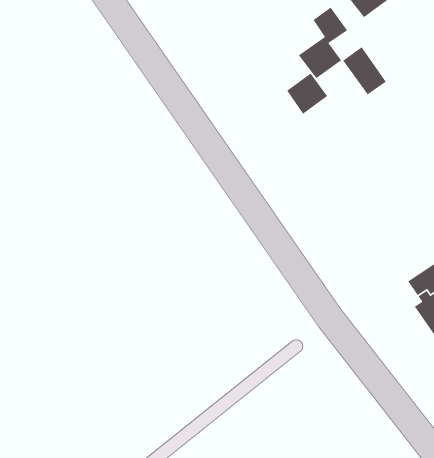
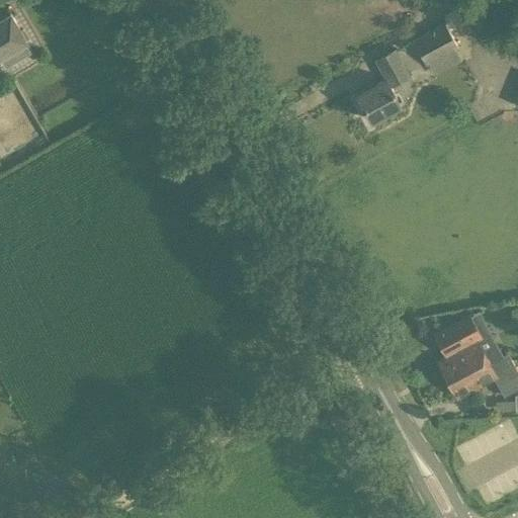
building: [342,46,387,95] -> none
building: [286,73,328,115] -> none

